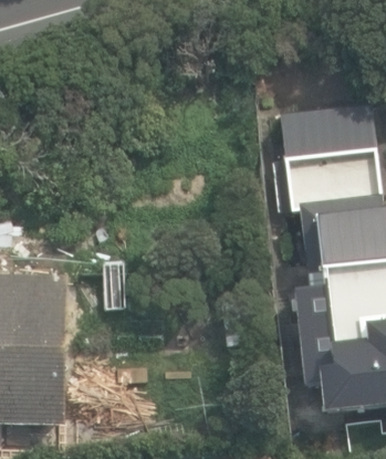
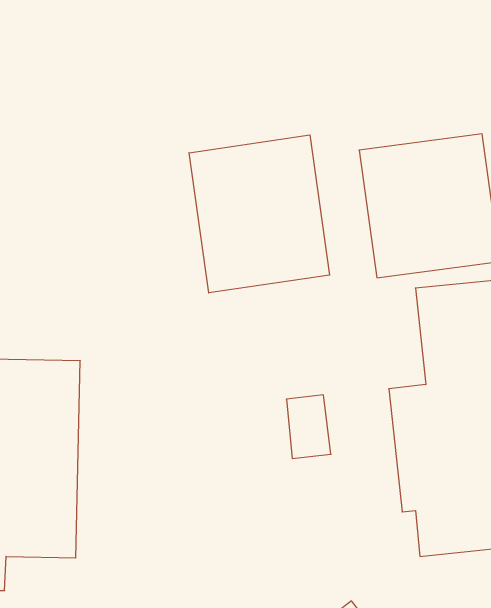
building: none -> [189,135,330,293]

